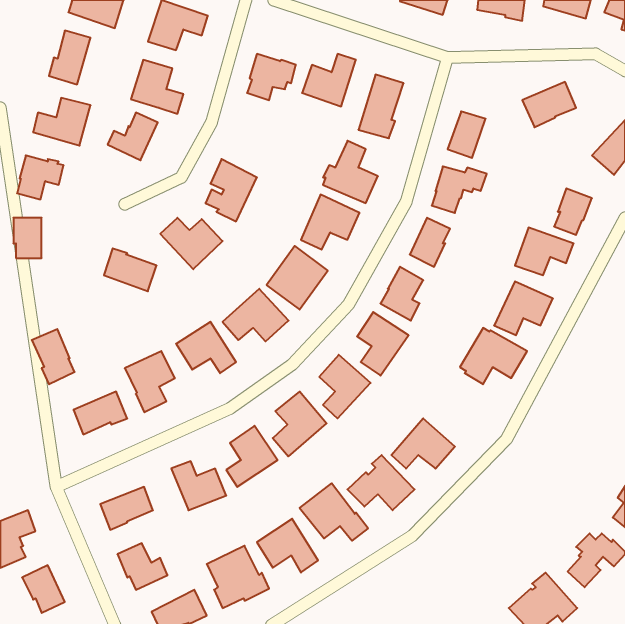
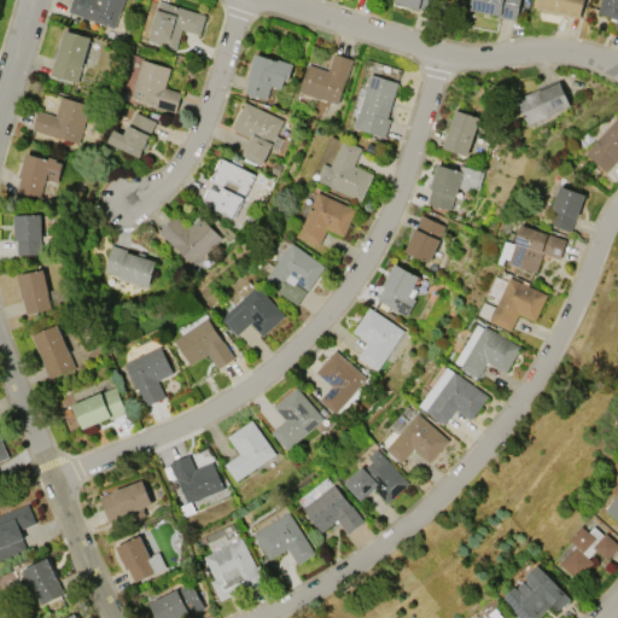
building: none -> [232,104,282,165]
building: none -> [17,270,49,315]
building: none -> [418,368,486,426]

